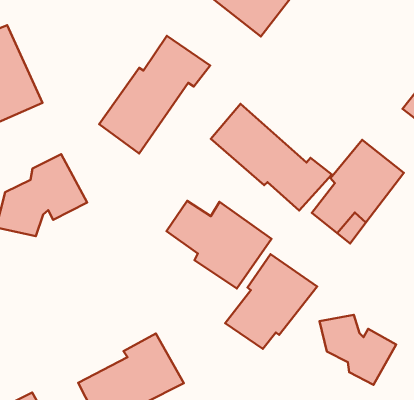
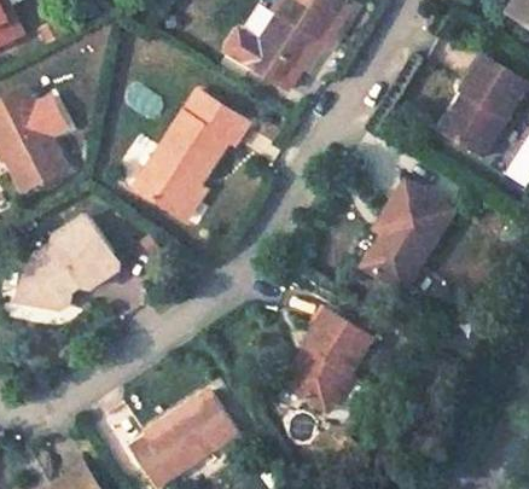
building: [211,104,332,210] -> none
building: [166,201,271,288] -> none
building: [320,315,396,385] -> none

